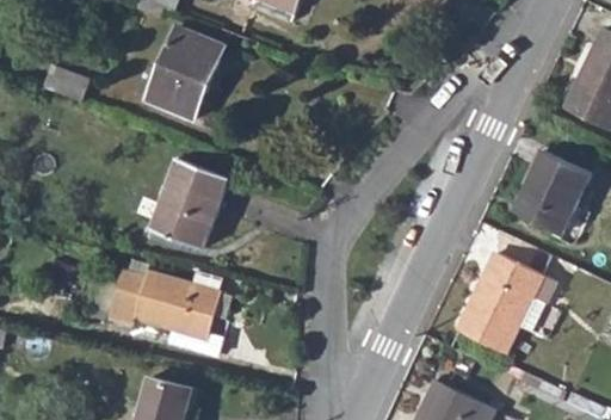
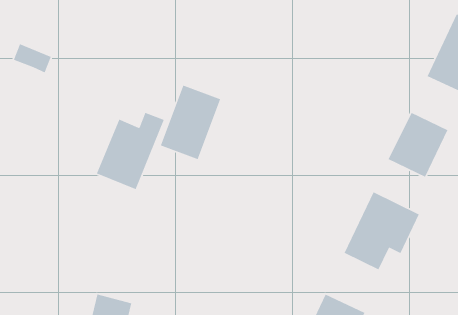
building: [144,25,221,119] -> [160,84,221,160]
building: [112,268,222,335] -> none

